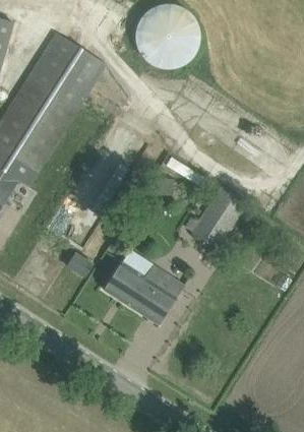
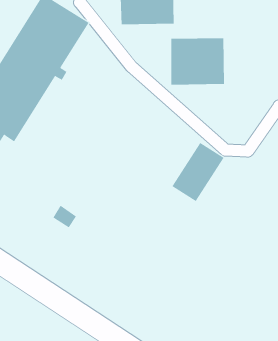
building: none -> [171,37,225,85]
building: [104,261,184,324] -> none

